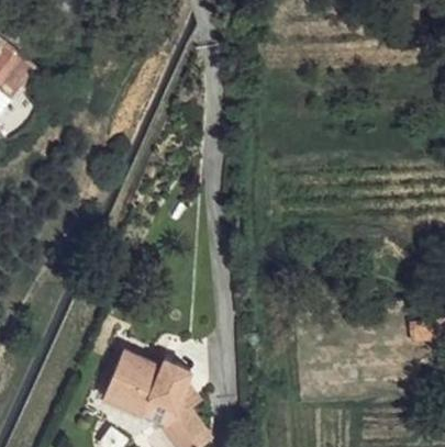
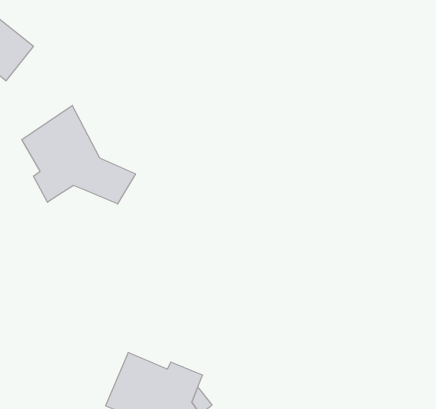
building: none -> [22,105,135,204]

